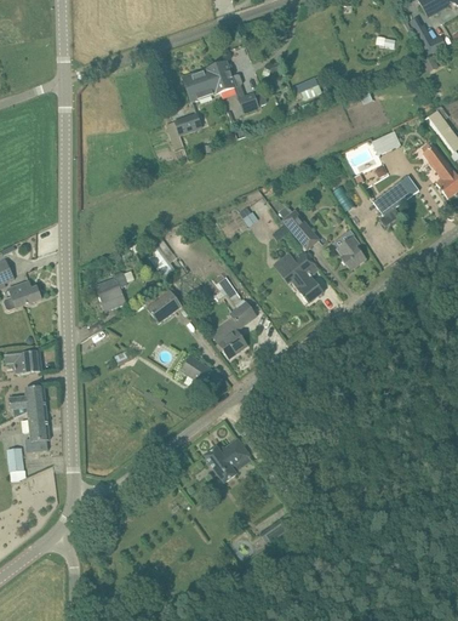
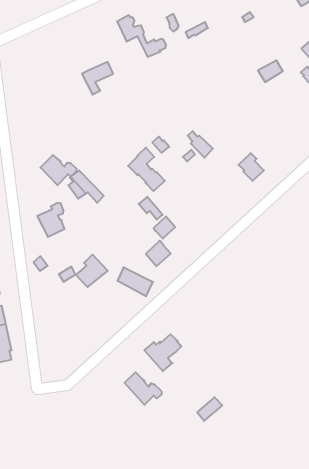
building: [182,67,219,102] -> none
building: [372,176,418,216] -> none
building: none -> [40,155,76,185]
building: [281,250,322,302] -> [128,147,165,191]
building: [144,285,182,323] -> [76,255,108,287]
building: none -> [125,372,162,405]

